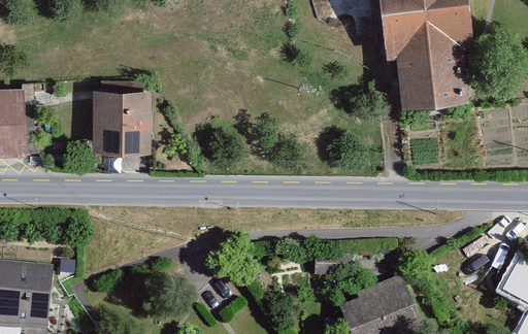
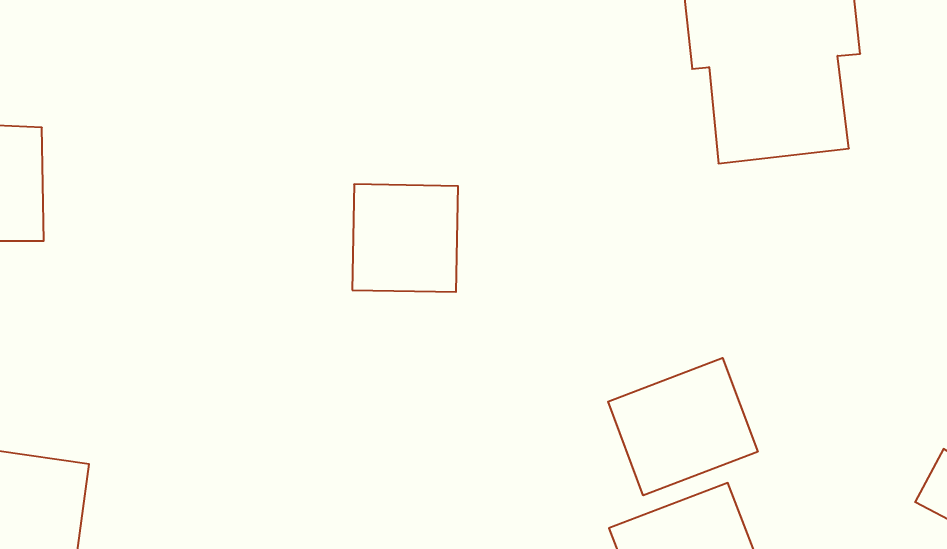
building: [94,85,152,143] -> [352,184,458,292]
building: none -> [608,358,758,495]

